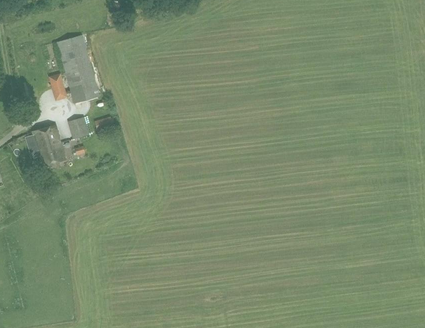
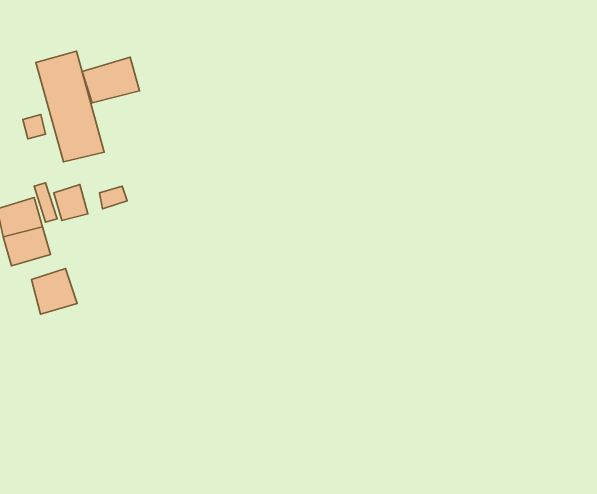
building: none -> [82,57,139,103]
building: none -> [32,269,77,314]

